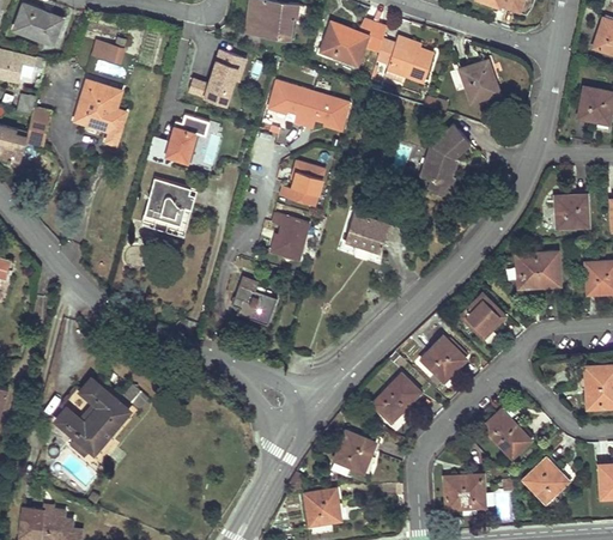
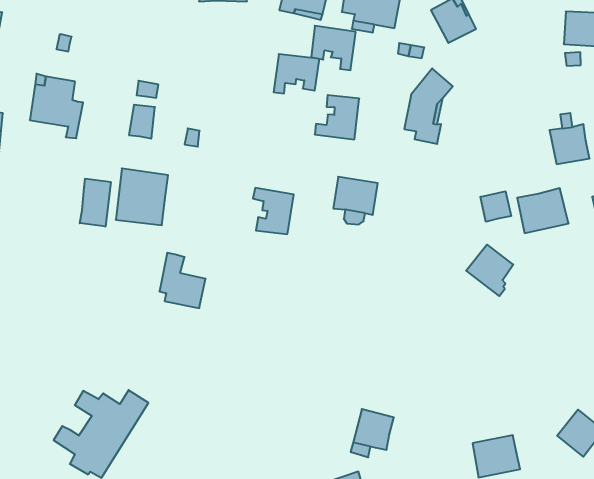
building: [187,47,245,105] -> none
building: [269,81,314,127] -> [311,26,356,70]
building: [280,162,326,206] -> [315,95,359,139]
building: none -> [80,179,111,227]
building: none -> [480,191,511,222]
building: [233,271,278,326] -> [159,253,206,308]
building: [421,338,465,381] -> none
building: [372,374,419,421] -> none
building: [482,411,530,459] -> none

